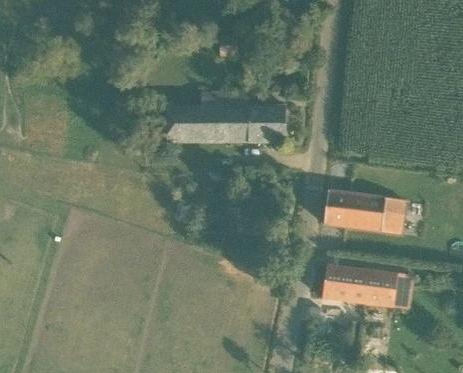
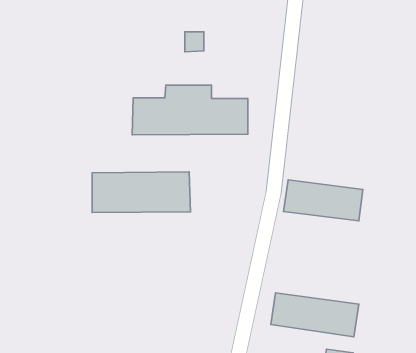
building: none -> [92,172,190,213]
building: [322,264,414,310] -> [271,293,359,337]

